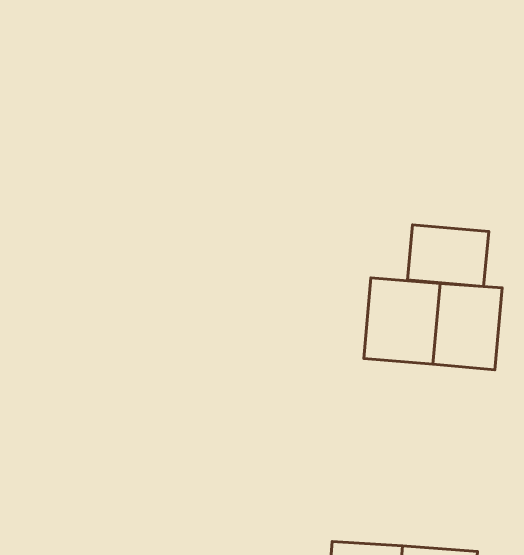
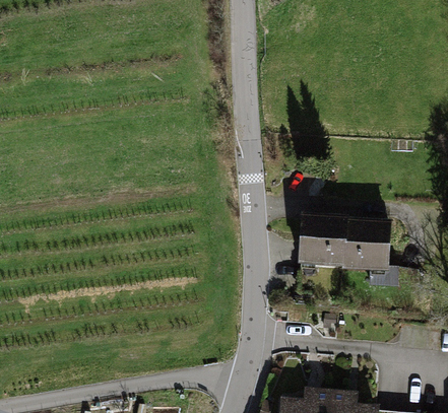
building: [407,225,489,287] -> none

